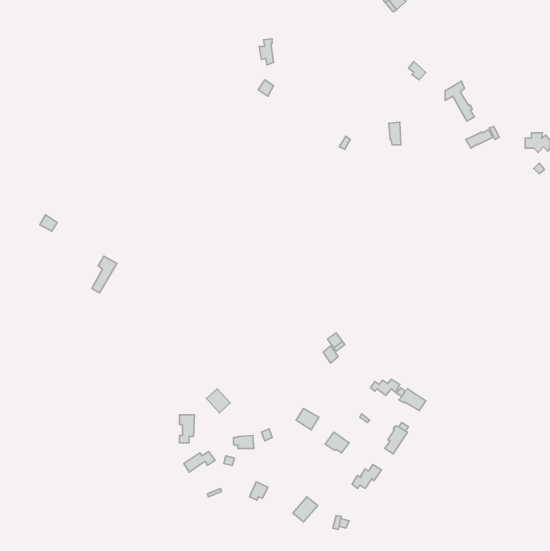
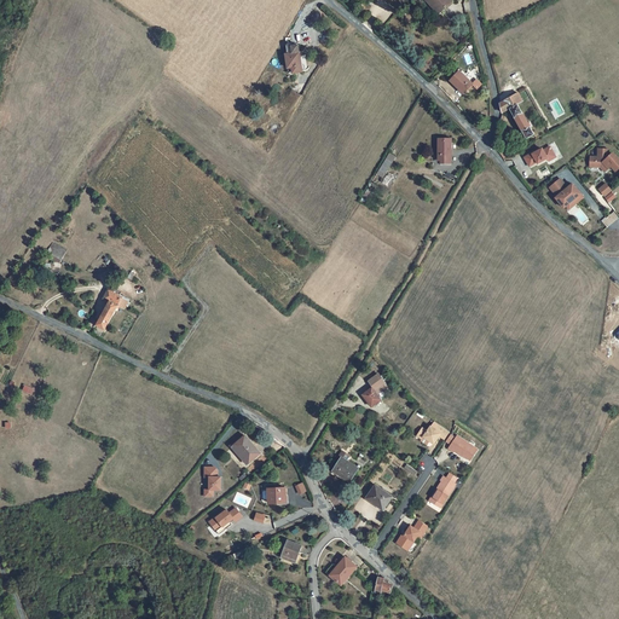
building: none -> [546,178,582,207]

